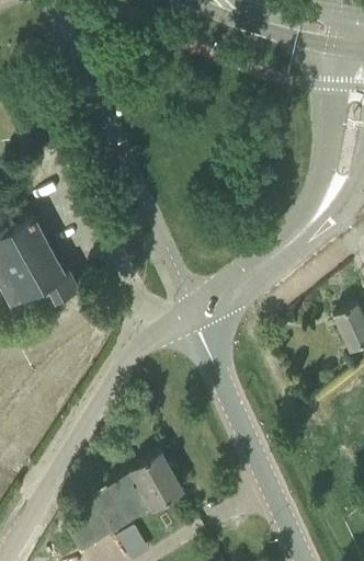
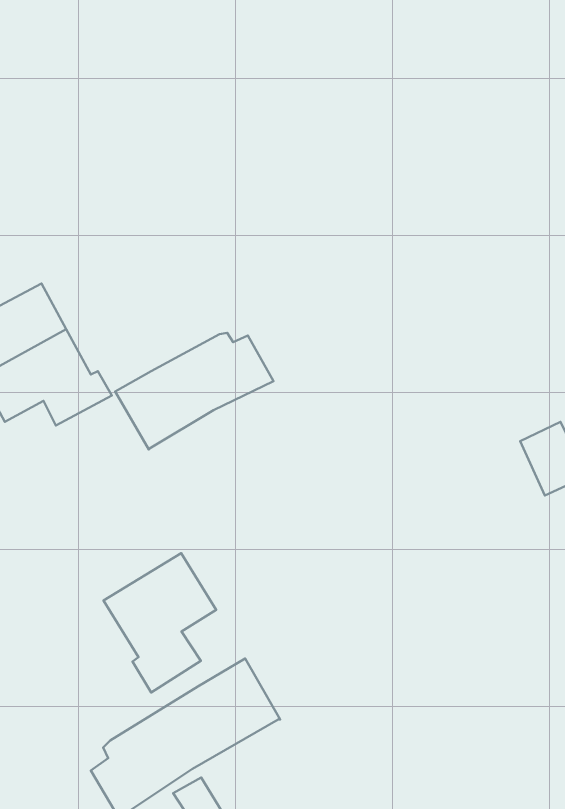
building: none -> [115,333,273,450]
building: none -> [103,553,216,693]

